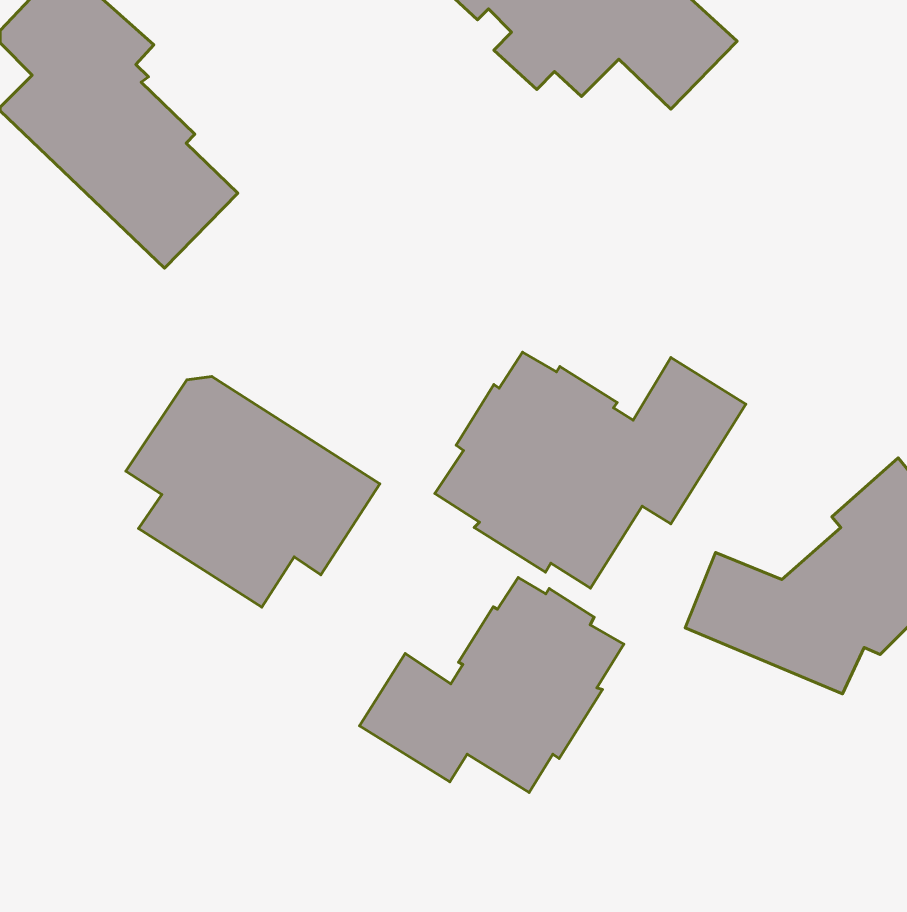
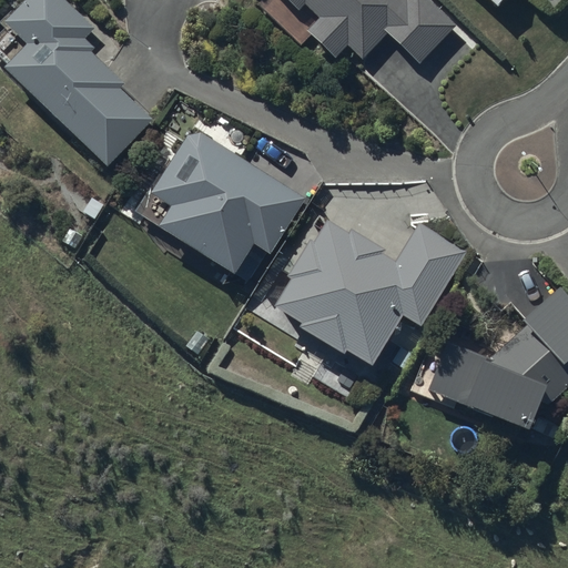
building: [126,376,380,607] -> [150,133,307,276]
building: [360,578,624,793] -> none

